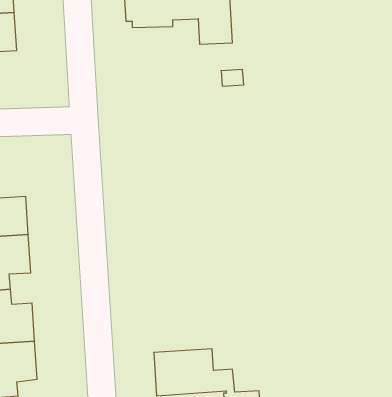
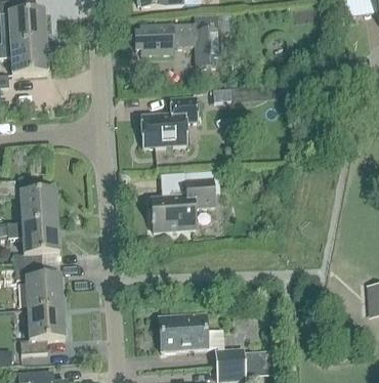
building: none -> [140,96,199,146]
building: none -> [152,178,214,230]

